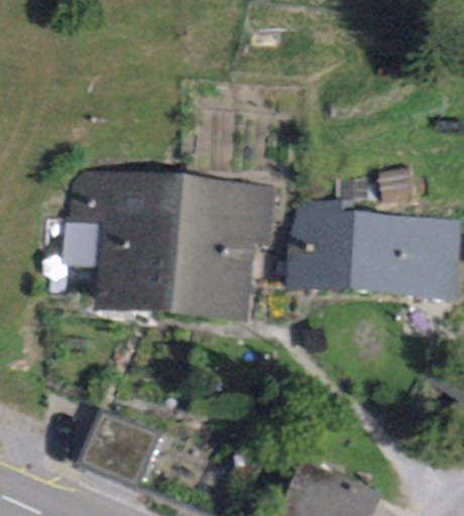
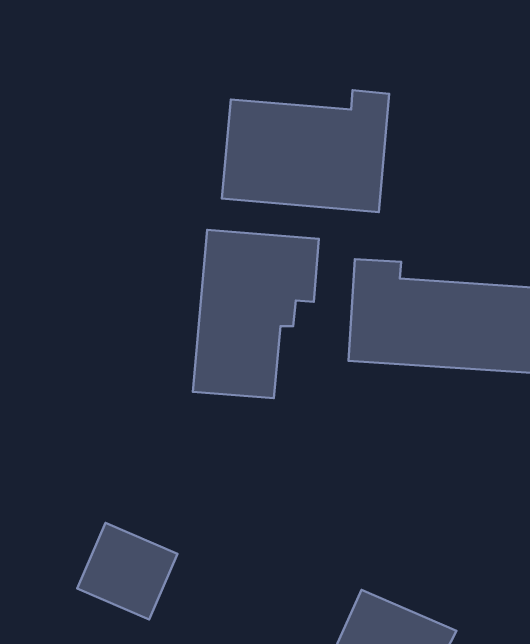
building: none -> [222,90,389,212]
building: [77,172,187,307] -> none

